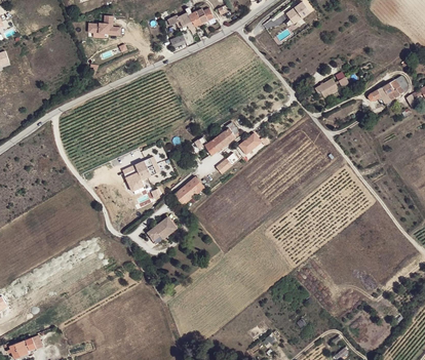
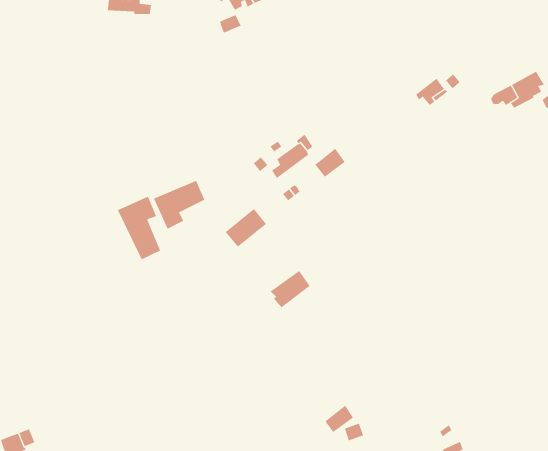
building: none -> [117,196,161,260]
building: [146,216,176,244] -> [270,270,311,308]

